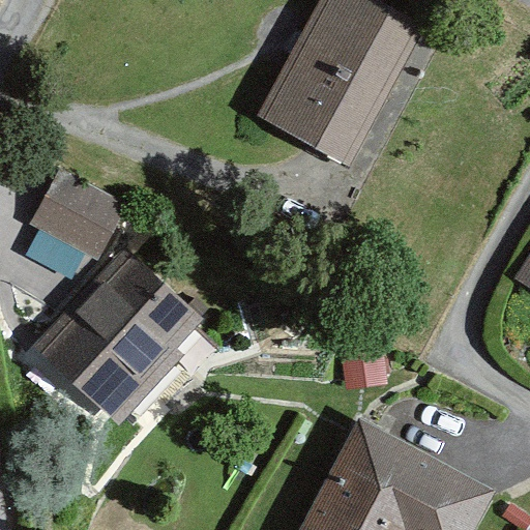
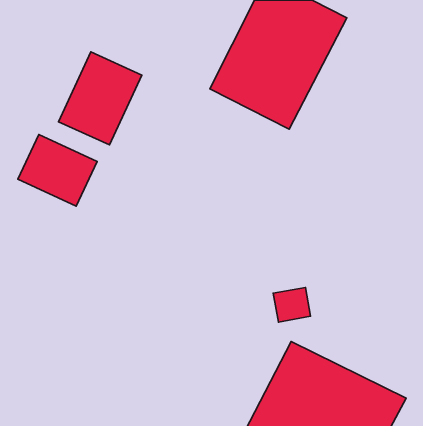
building: none -> [58,52,142,145]
building: [36,241,211,420] -> none

